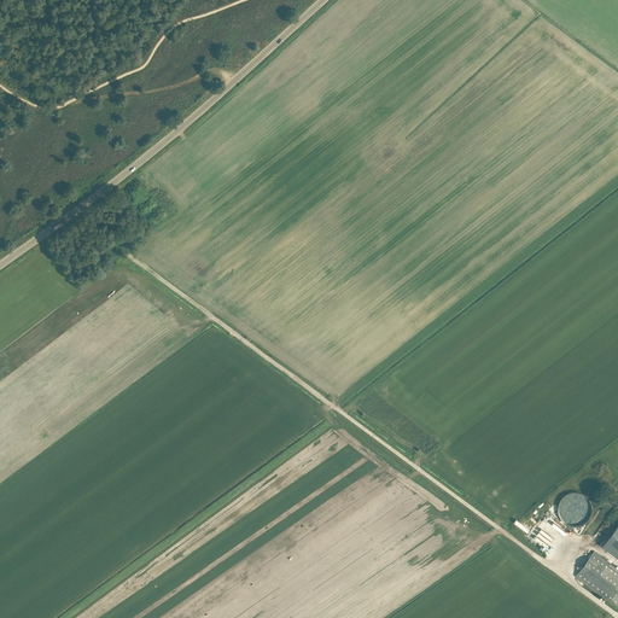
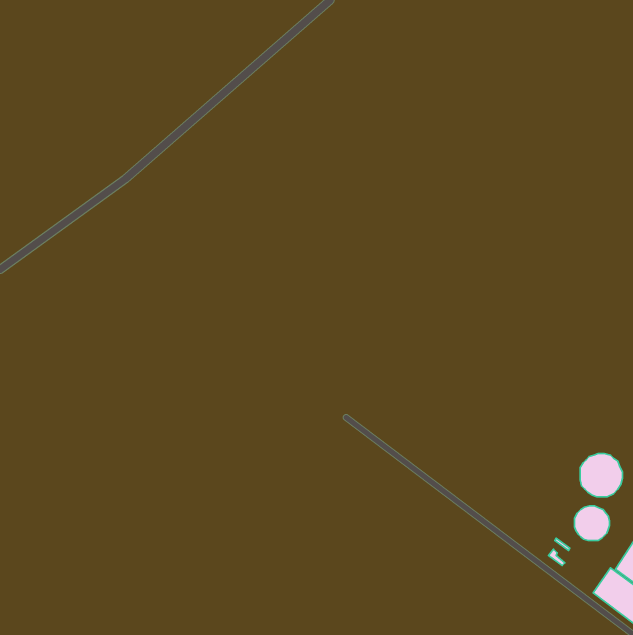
building: none -> [580,453,622,497]

